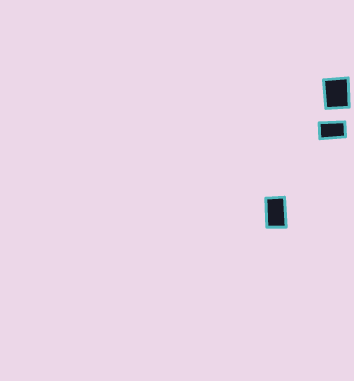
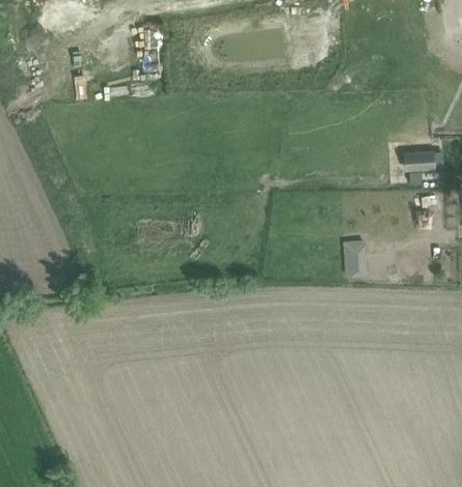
building: [323,78,349,108] -> none

